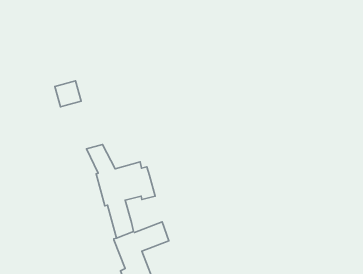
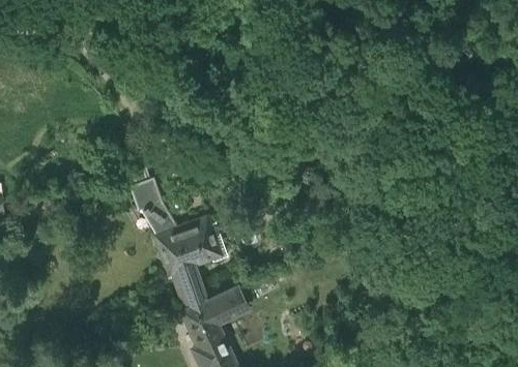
building: [55,81,81,107] -> [130,178,162,210]

